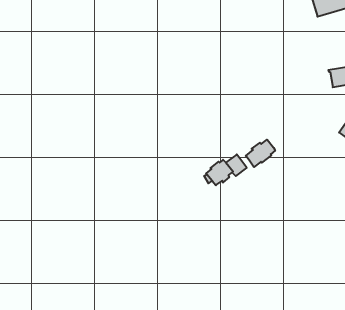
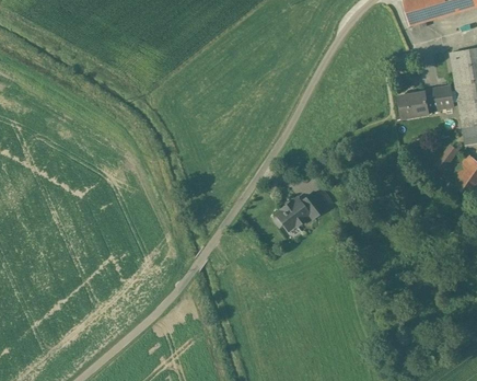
building: none -> [399,91,430,117]
building: [246,140,275,167] -> none

